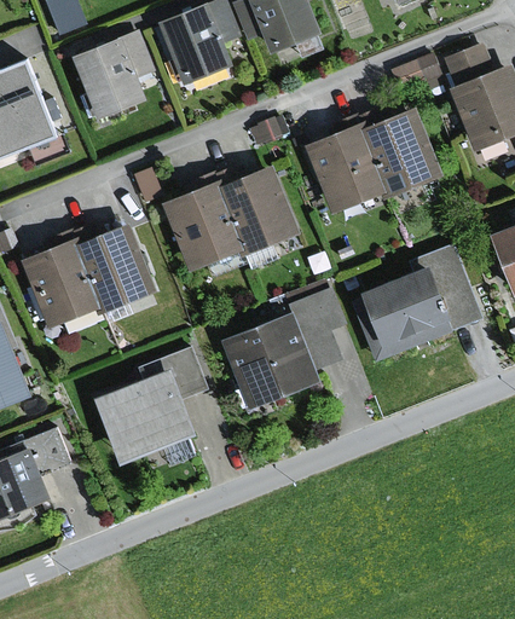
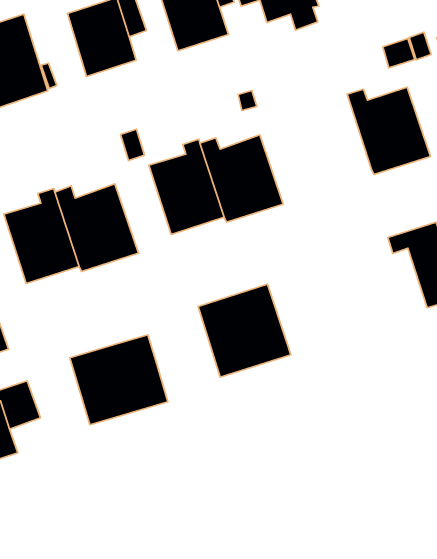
building: [306,117,384,213] -> none
building: [352,270,450,360] -> none
building: [284,287,345,371] -> none
building: [135,346,206,398] -> none

